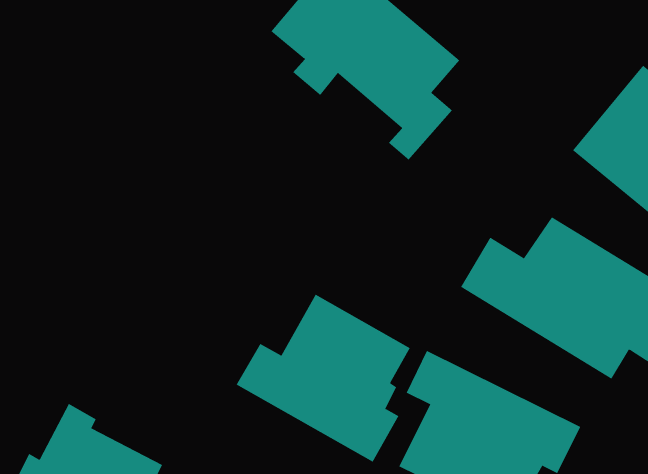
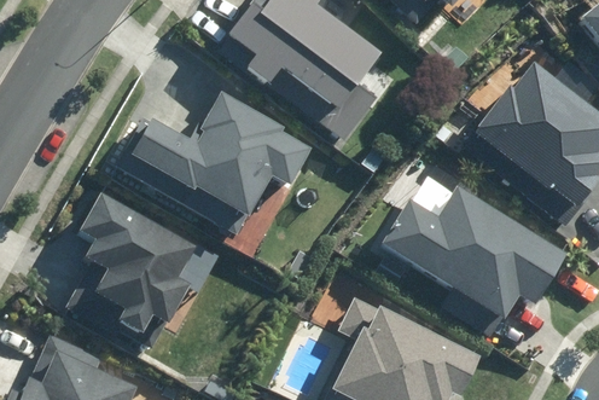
building: none -> [129,88,312,218]
building: none -> [76,192,196,337]
building: [236,294,411,462] -> none

